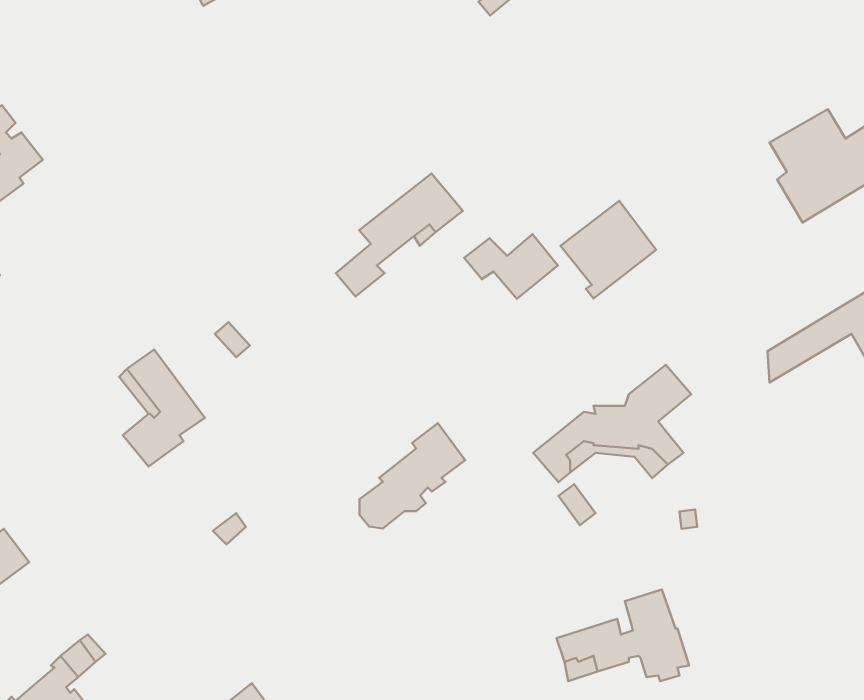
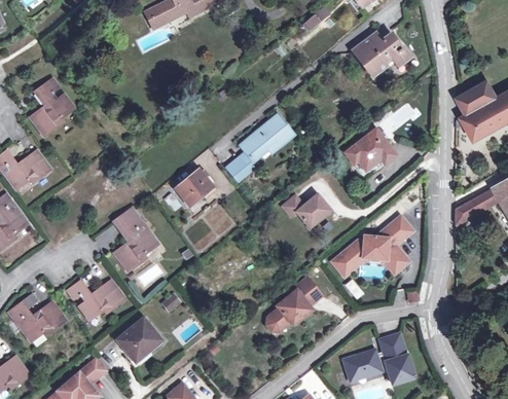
building: none -> [352,32,409,76]
building: [464,234,558,299] -> [283,193,332,227]
building: none -> [176,169,214,205]
building: [360,423,465,529] -> [266,277,322,332]
building: none -> [68,279,124,319]
building: none -> [117,316,162,358]

